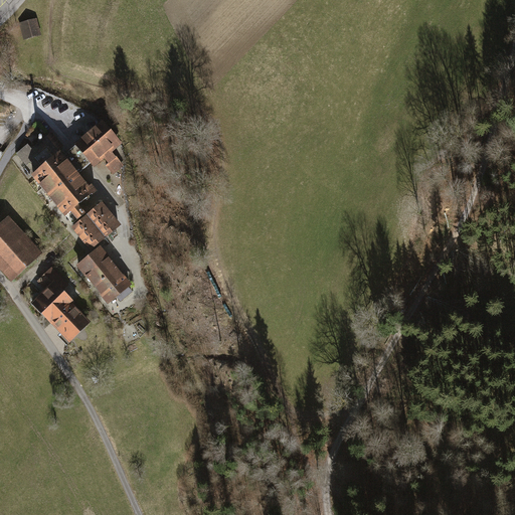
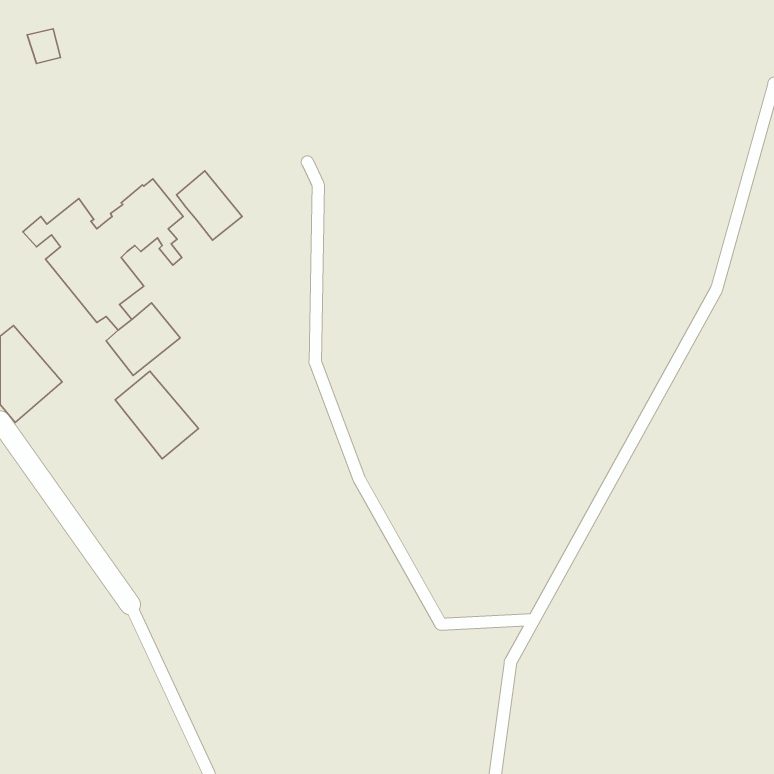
building: none -> [177,171,242,240]
building: [31,268,91,342] -> none

